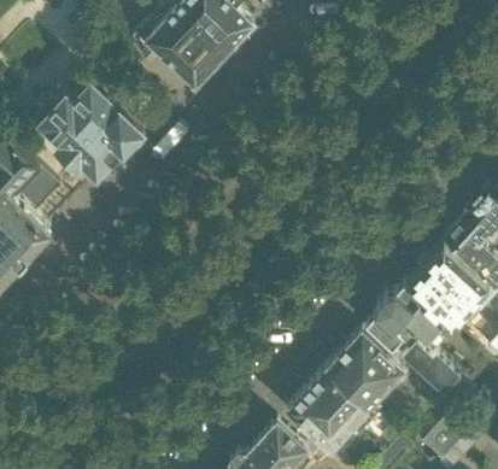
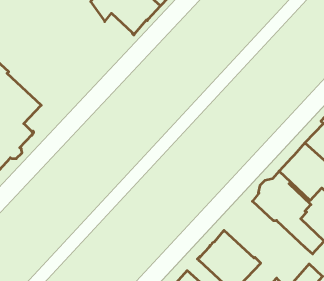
building: [35,81,145,177] -> none
building: [326,332,405,410] -> none

